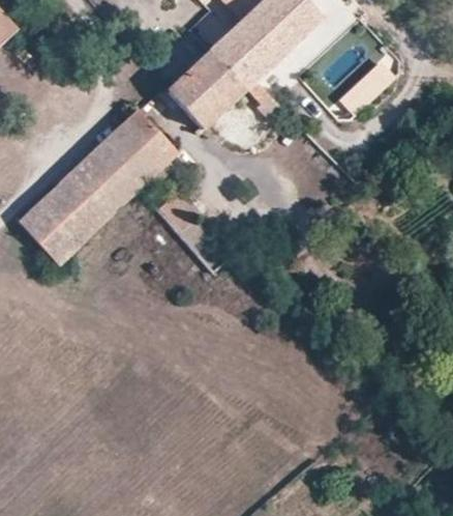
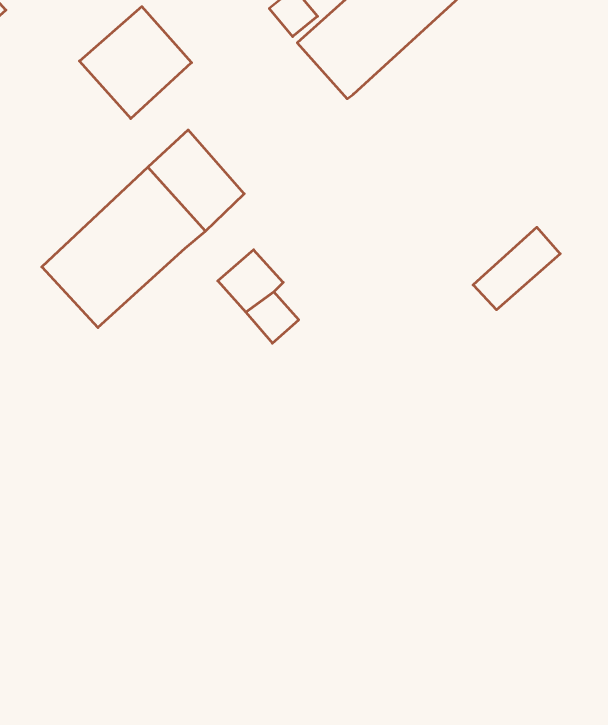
building: [170,51,244,125] -> [79,7,192,119]
building: [339,62,397,117] -> [473,227,560,310]
building: [20,200,79,260] -> none

